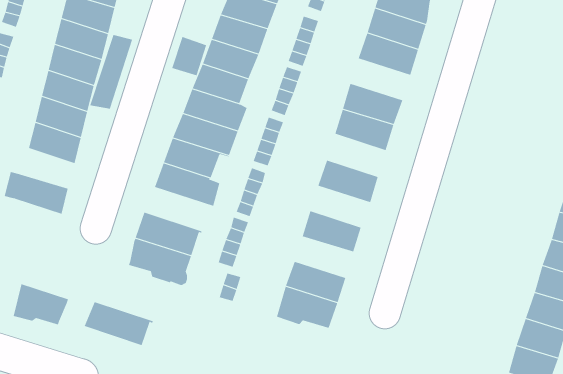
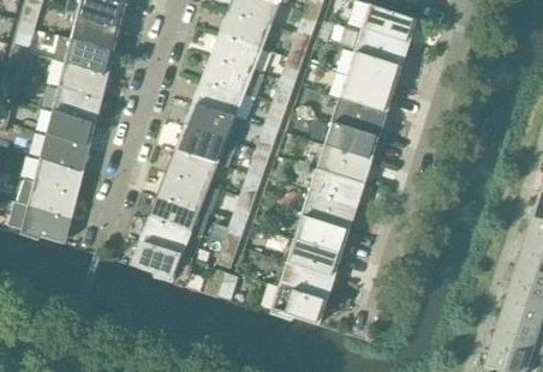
building: [89,34,133,110] -> none
building: [172,36,207,76] -> none
building: none -> [338,74,394,113]
building: none -> [316,144,371,184]
building: none -> [32,157,83,194]
building: none -> [300,192,357,230]
building: none -> [286,239,341,277]
building: [13,284,69,325] -> [19,204,71,242]
building: [84,302,154,346] -> [147,193,211,234]

